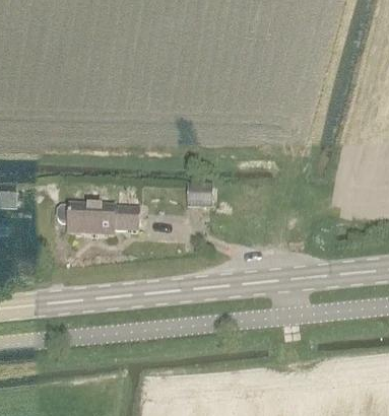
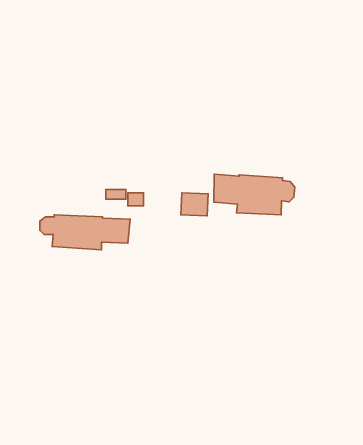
building: none -> [214,174,295,215]

